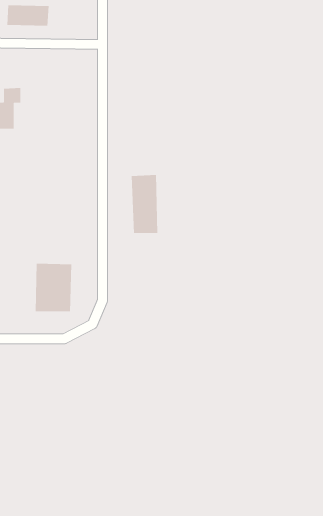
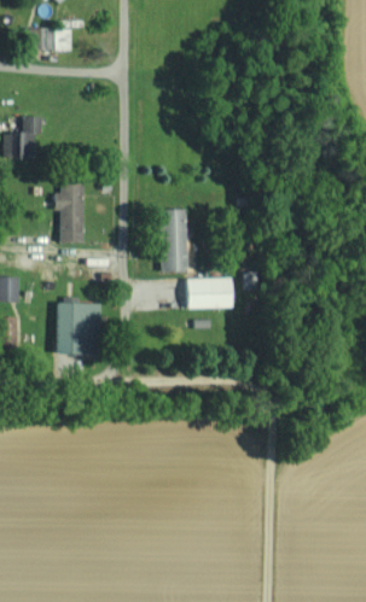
building: none -> [58,183,86,242]
building: none -> [187,277,233,309]

